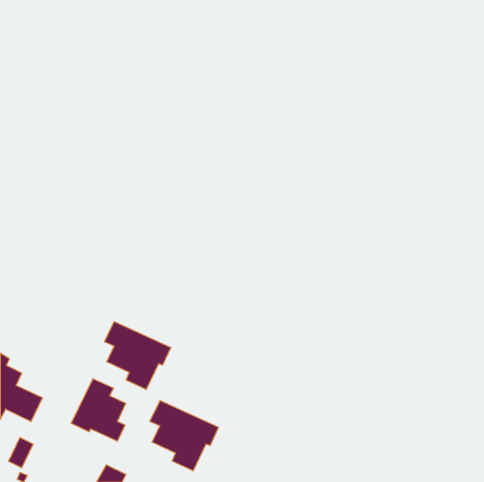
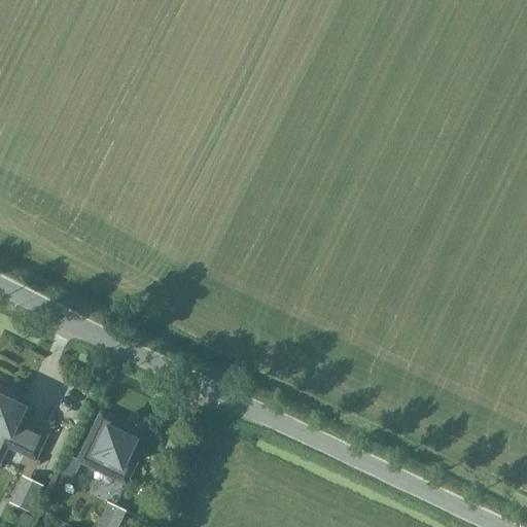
building: [104,322,171,390] -> none
building: [150,401,219,471] -> none

